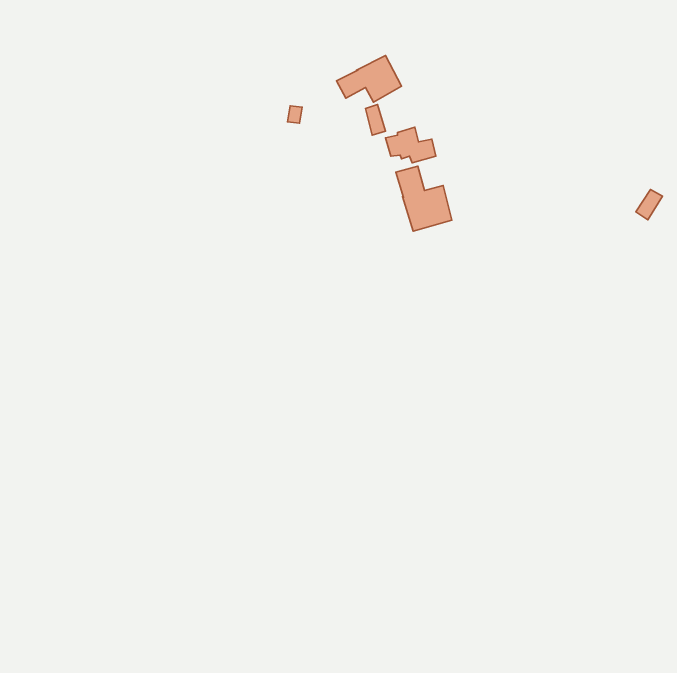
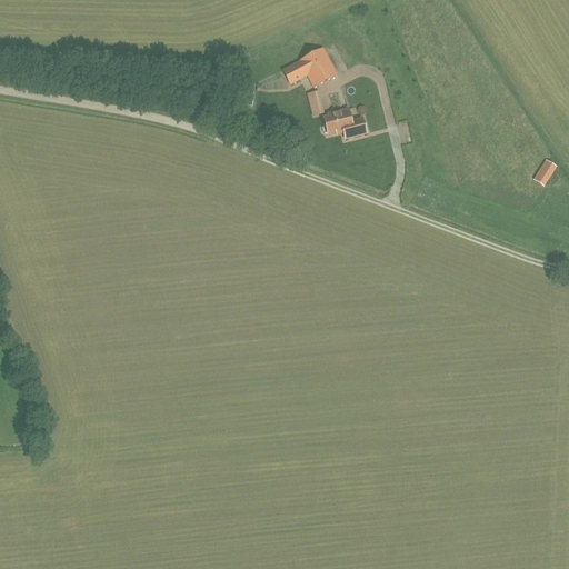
building: [396,166,452,231] -> none

